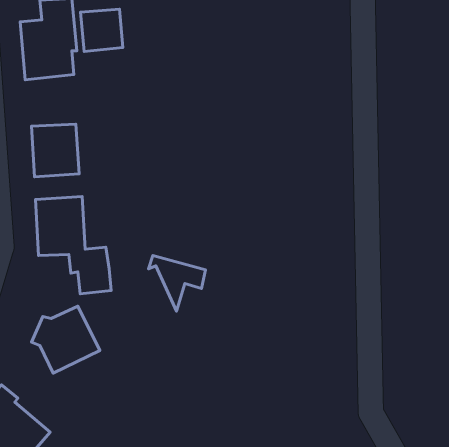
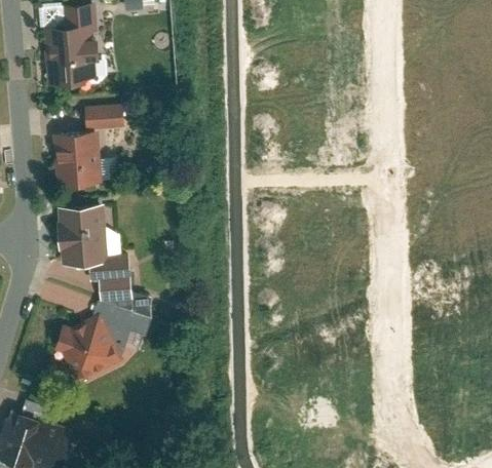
building: [81,9,123,51] -> none
building: none -> [86,108,127,133]
building: [149,255,206,311] -> [94,304,151,359]

